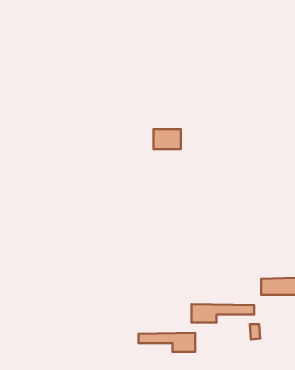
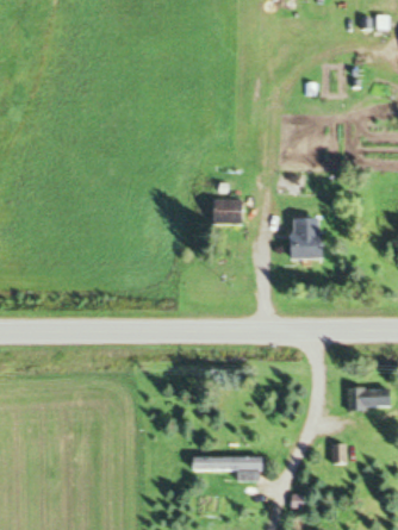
building: none -> [292,218,324,258]
building: [192,304,254,323] -> none

